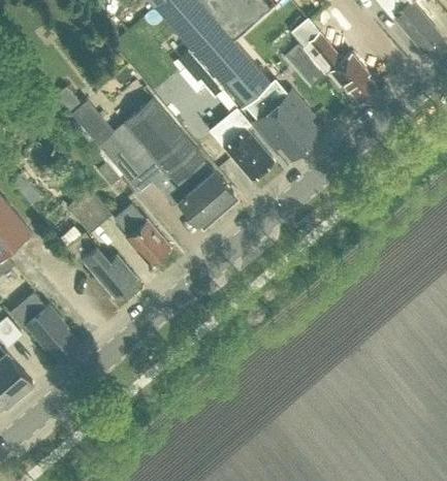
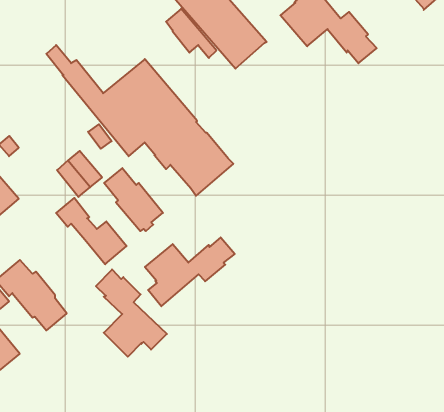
building: [247,81,319,157] -> none
building: [210,107,274,180] -> none
building: none -> [145,237,235,306]
building: none -> [96,269,167,357]

